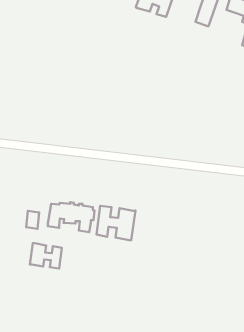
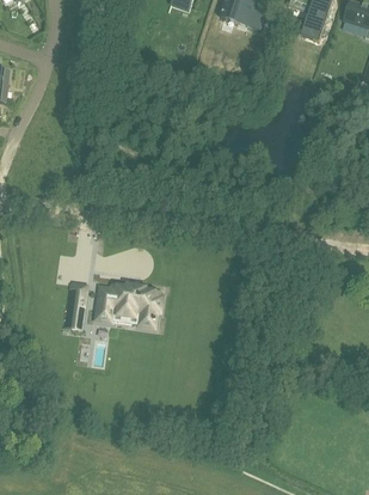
building: [97,206,135,240] -> none
building: [30,243,62,268] -> none

